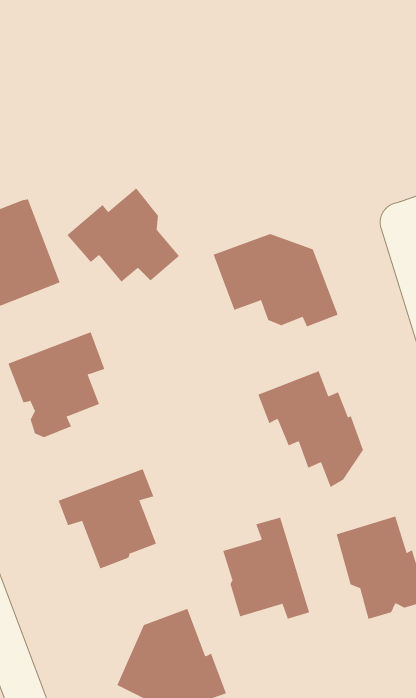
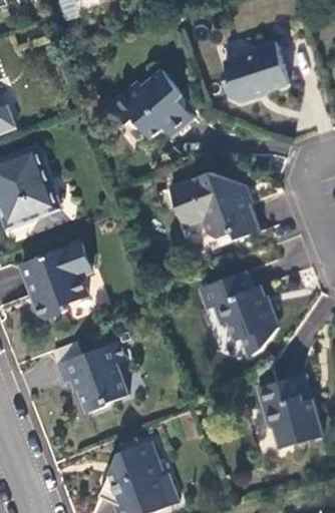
building: none -> [222,41,288,102]
building: [67,188,180,283] -> [110,69,192,137]
building: [223,517,310,619] -> none

